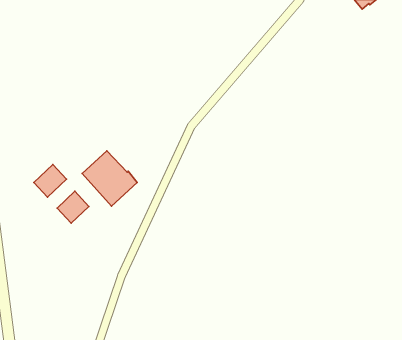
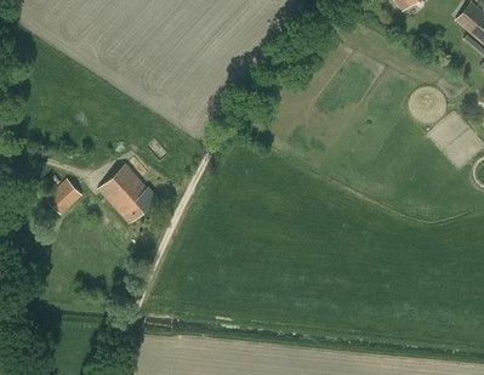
building: [57,191,89,223] -> none

